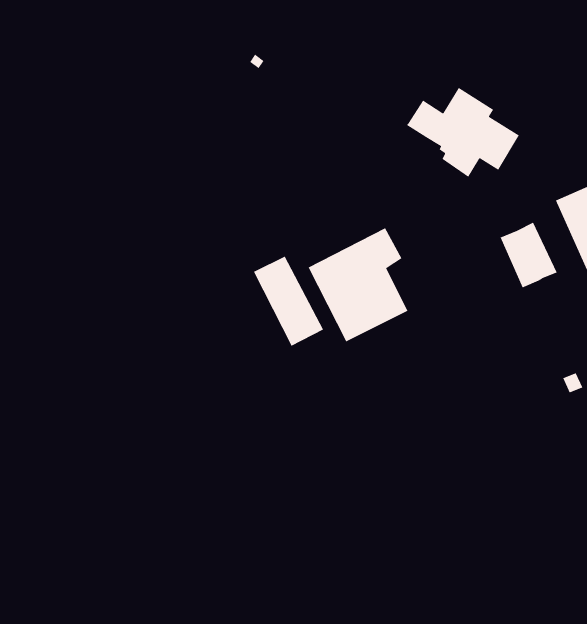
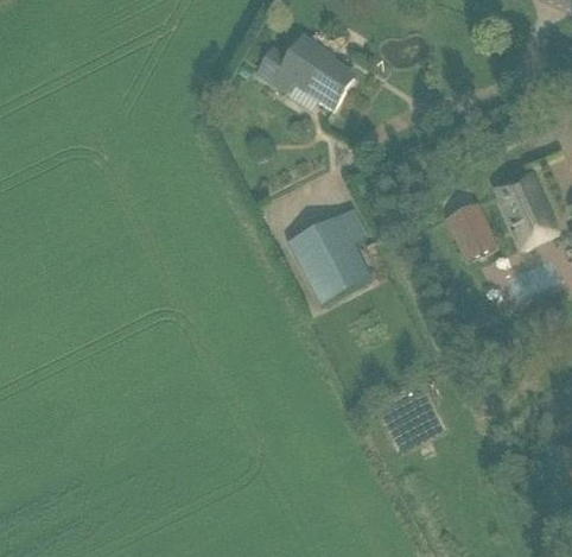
building: [406,87,520,178] -> [258,34,352,110]
building: [253,255,324,347] -> none

